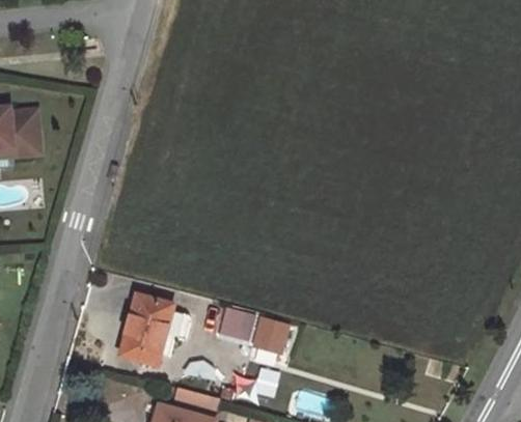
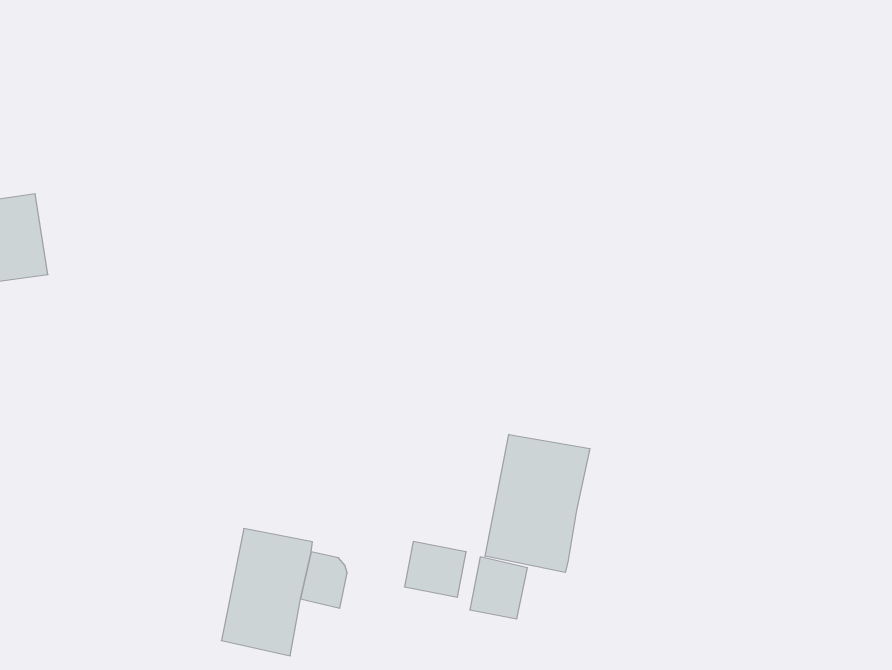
building: none -> [485,434,590,572]

